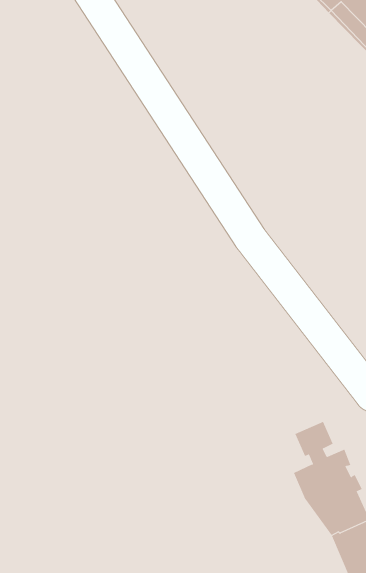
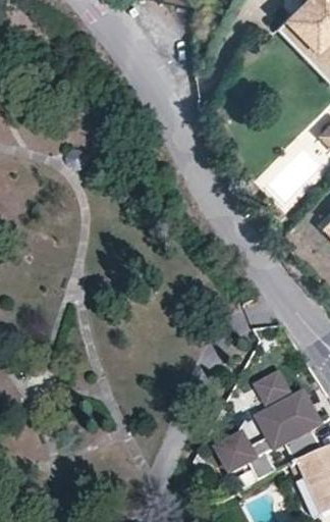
building: none -> [221,427,292,480]

